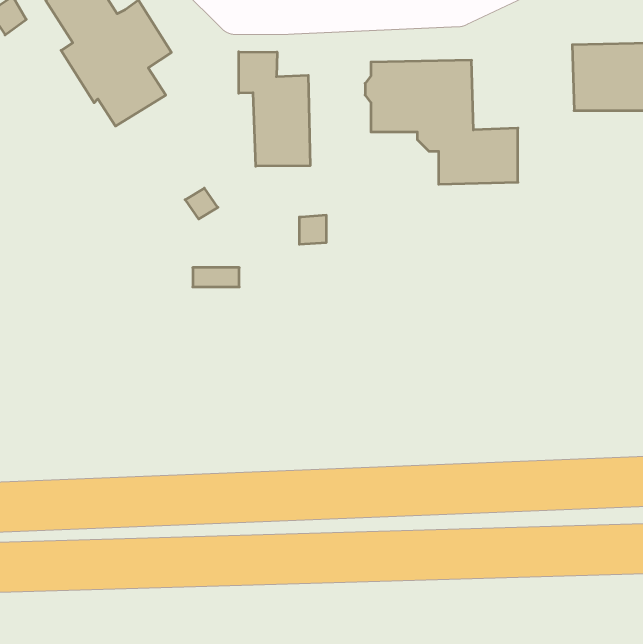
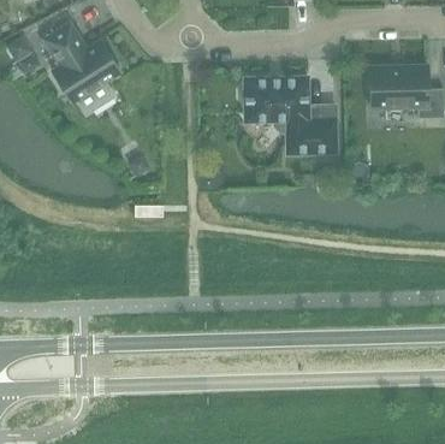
building: [239,52,310,166] -> none

